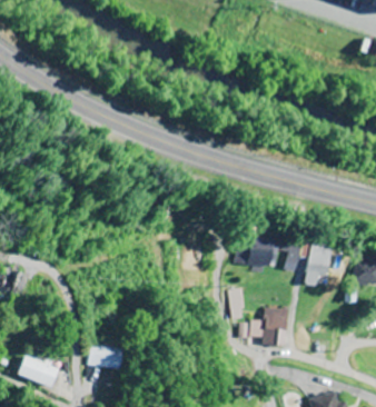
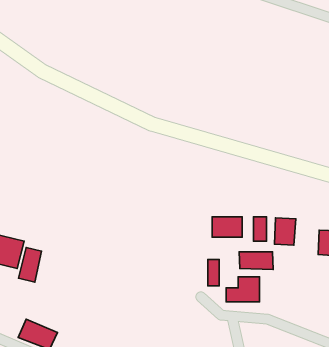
building: none -> [19,248,42,282]
building: none -> [239,252,273,269]
building: [92,345,127,368] -> none

